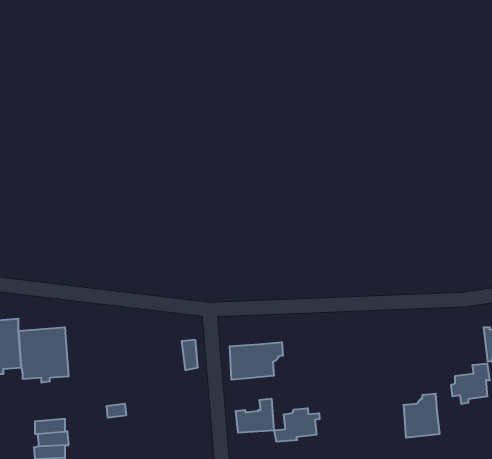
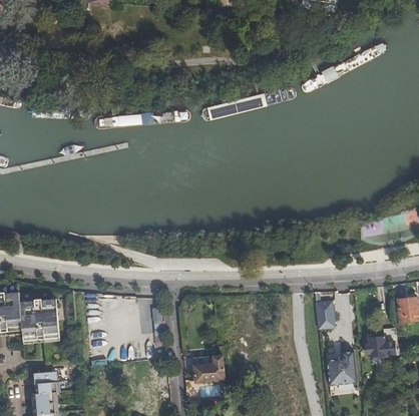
building: none -> [317,301,336,330]
building: [230,342,283,380] -> none
building: [274,408,320,442] -> none

